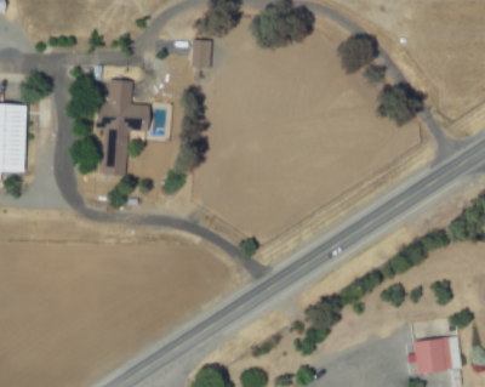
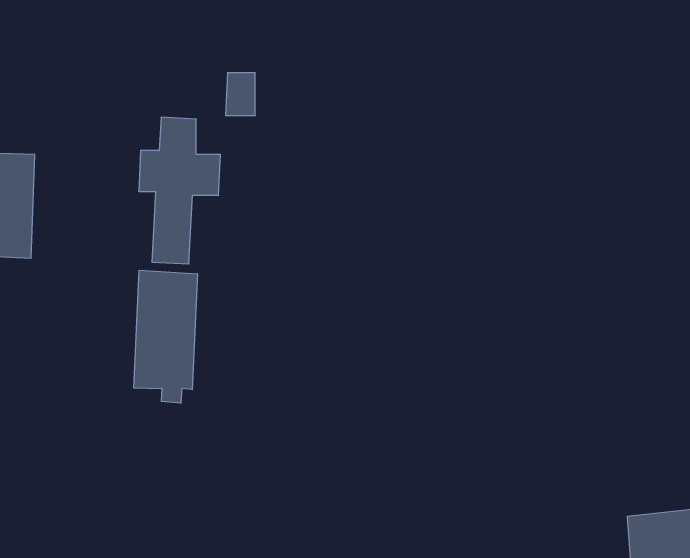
building: [192,40,211,68] -> [226,73,255,116]
building: none -> [134,270,197,403]

